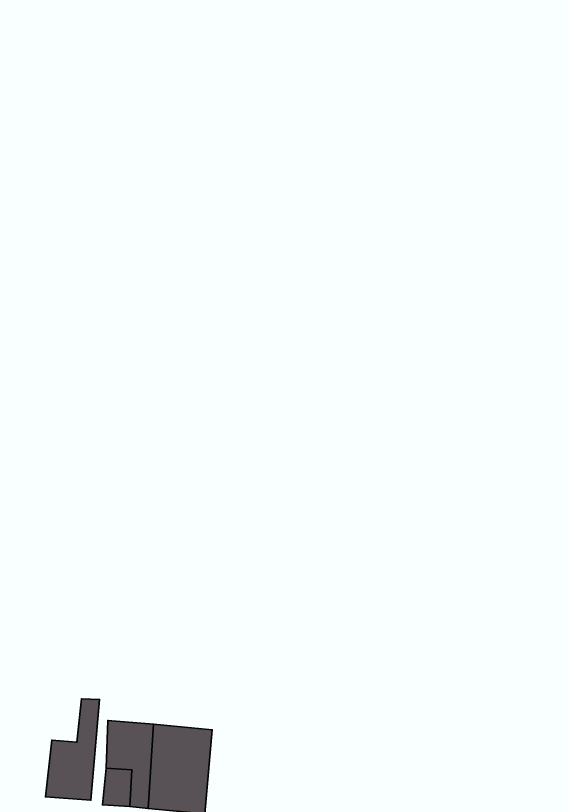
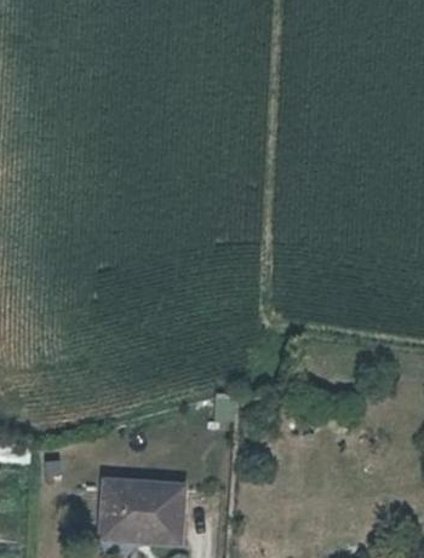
building: [45,699,100,800] -> none

